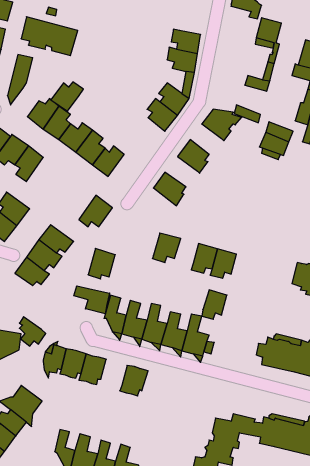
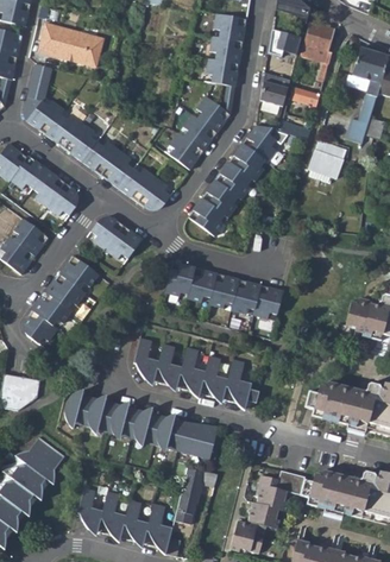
building: none -> [213,10,247,40]
building: none -> [269,29,303,55]
building: none -> [262,71,289,106]
building: [51,82,83,111] -> [27,100,64,133]
building: none -> [169,131,202,169]
building: none -> [231,141,266,178]
building: none -> [138,176,170,207]
building: none -> [202,178,239,215]
building: none -> [45,179,76,215]
building: none -> [90,217,124,250]
building: [88,248,115,279] -> [165,258,196,292]
building: [74,286,110,314] -> none
building: [202,290,227,319] -> [212,271,240,304]
building: [19,317,46,346] -> [27,310,57,343]
building: none -> [128,408,159,443]
building: none -> [176,421,216,460]
building: none -> [176,465,207,519]

